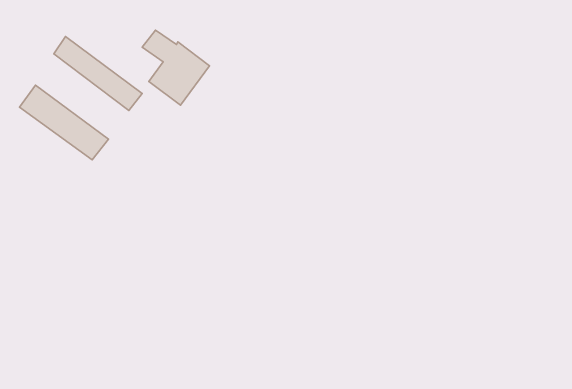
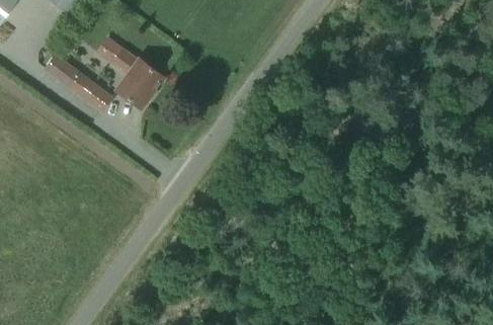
building: [19,85,108,160] -> none

